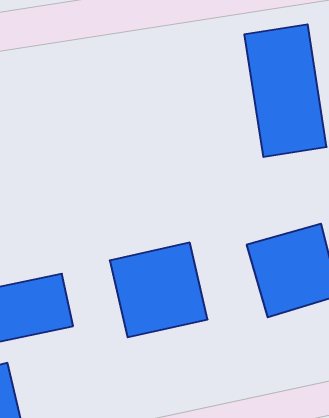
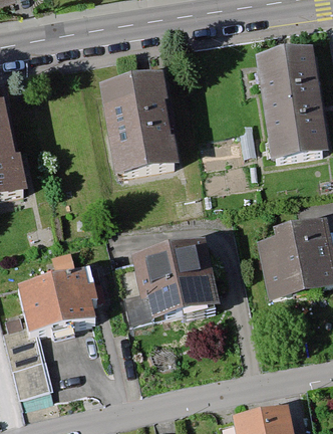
building: none -> [100,64,179,170]

